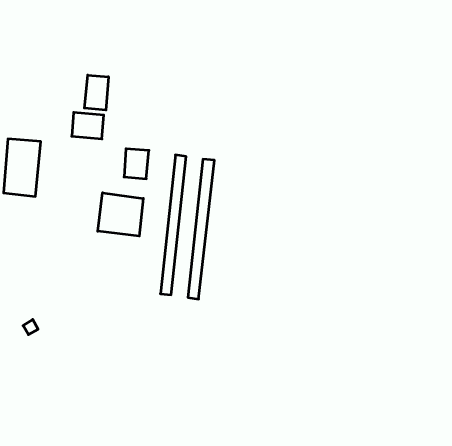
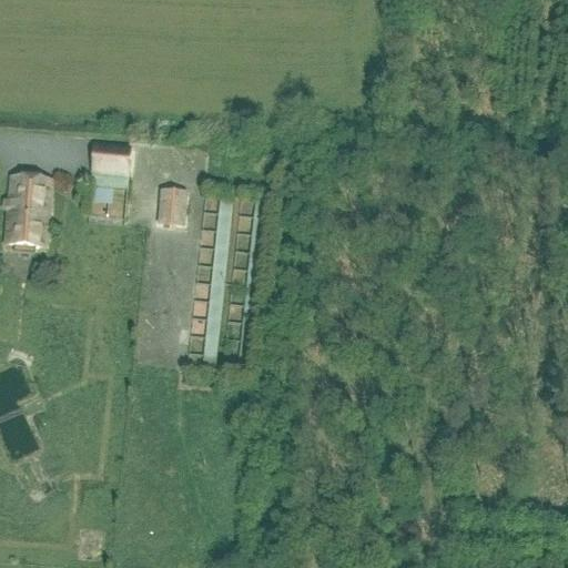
building: [84,75,108,110] -> none
building: [98,193,143,236] -> none

